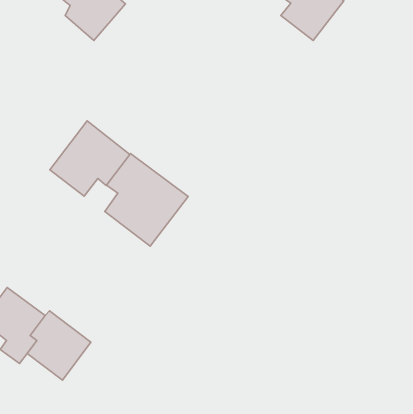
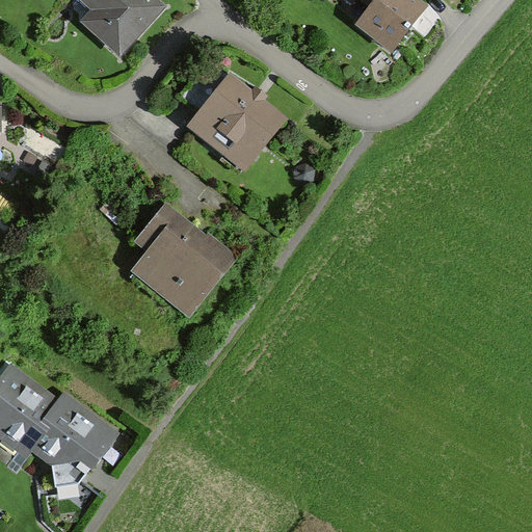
building: none -> [186,76,285,174]
building: [50,121,130,196] -> none

